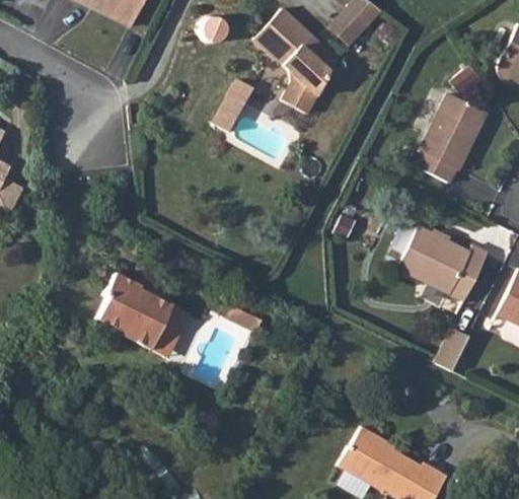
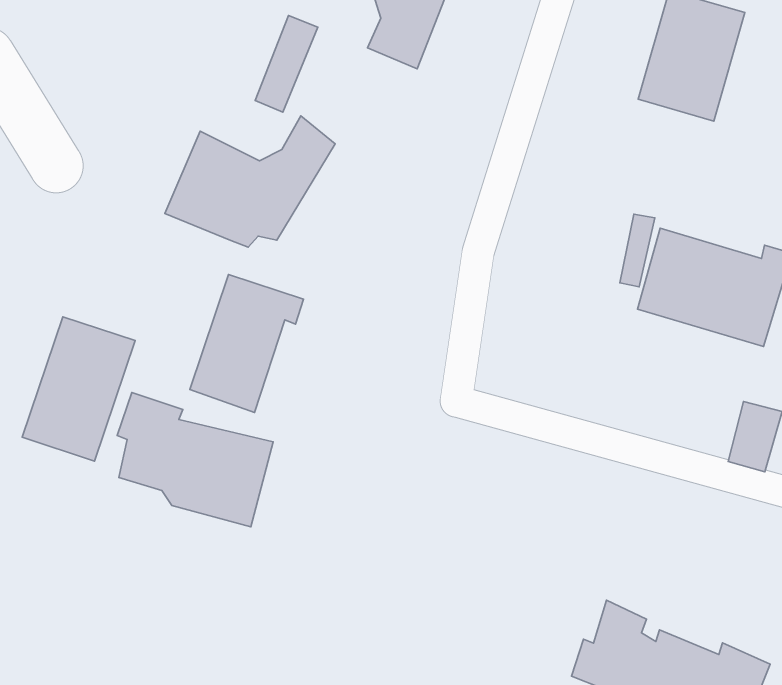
building: none -> [165,116,335,247]
building: none -> [190,274,304,412]
building: none -> [22,317,135,461]

